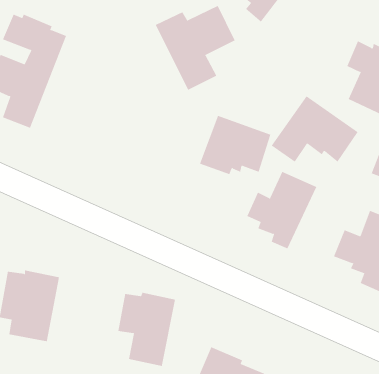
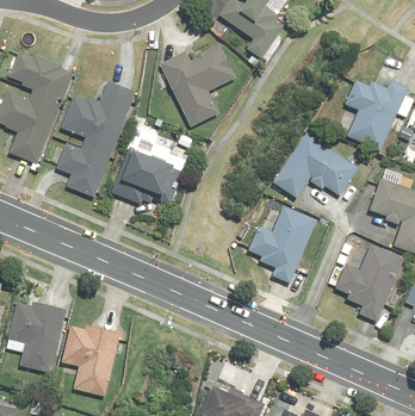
building: none -> [54,79,135,198]
building: [199,115,271,175] -> [110,147,180,205]
building: [117,292,176,367] -> [61,323,118,396]

